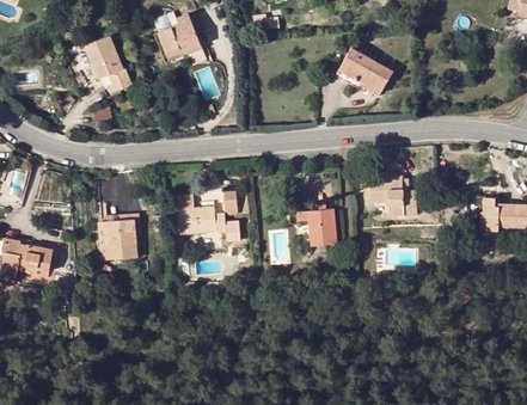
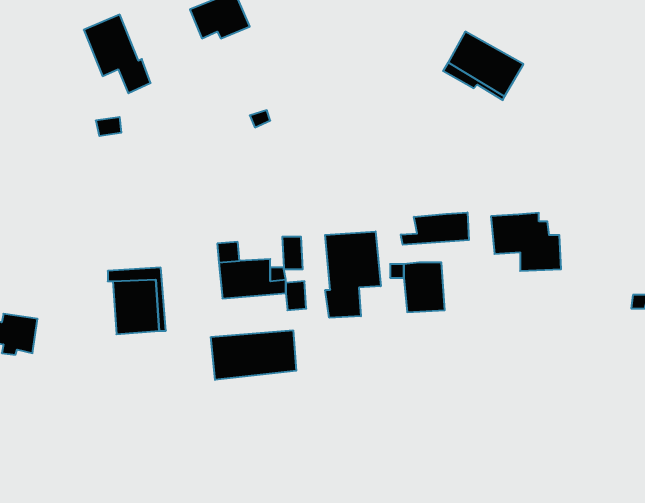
building: none -> [401,212,469,245]
building: none -> [325,231,381,318]
building: none -> [211,330,296,380]

